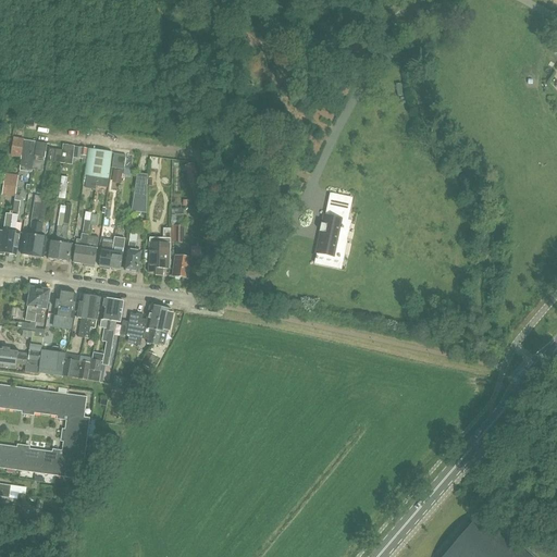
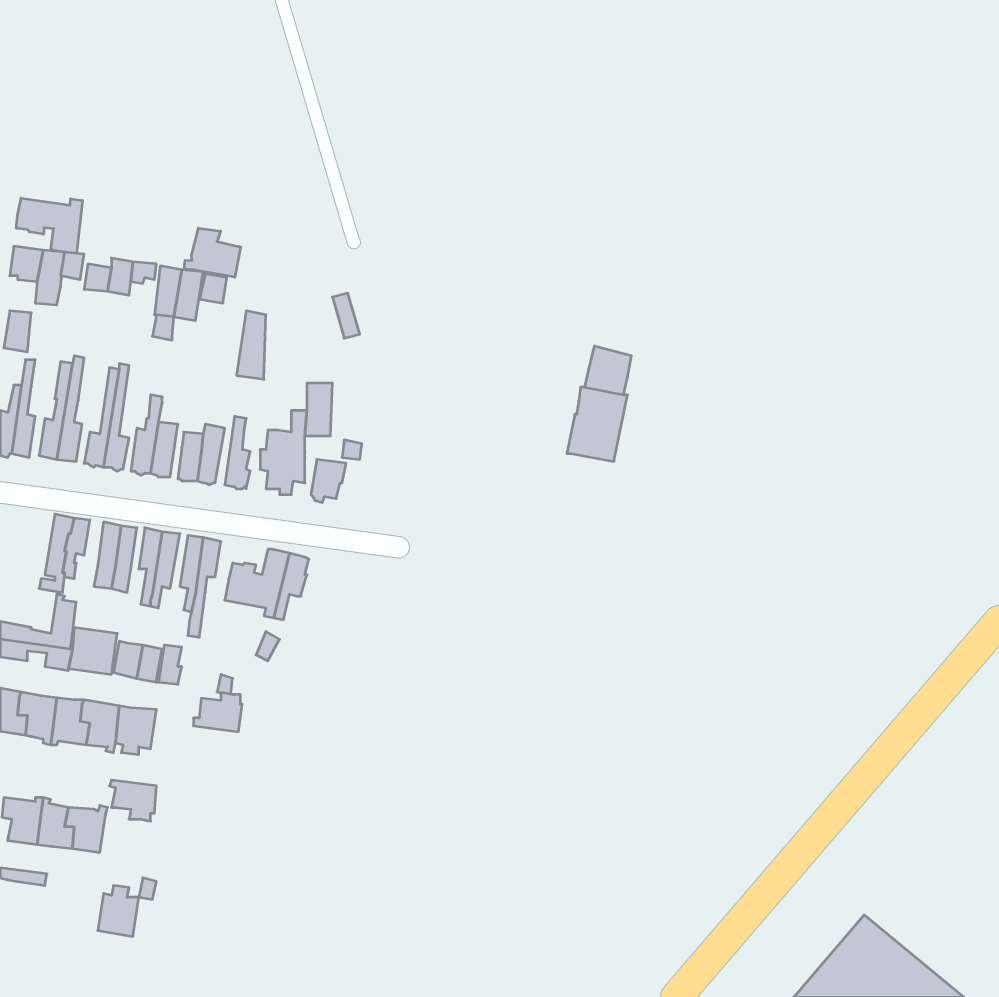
building: none -> [16,198,82,253]
building: none -> [184,228,241,277]
building: [62,416,89,437] -> [193,693,242,732]
building: [55,449,78,478] -> [98,886,139,936]

